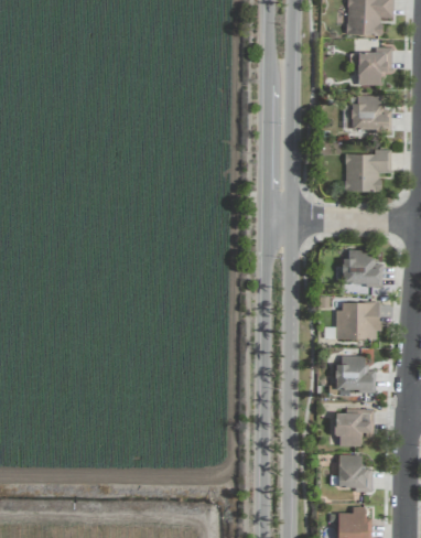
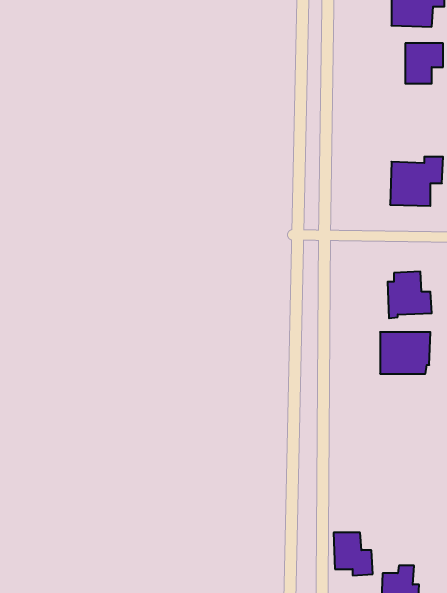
building: [353,95,389,130] -> none
building: [335,355,374,391] -> none
building: [336,410,374,445] -> none
building: [338,454,373,492] -> [334,533,373,575]

